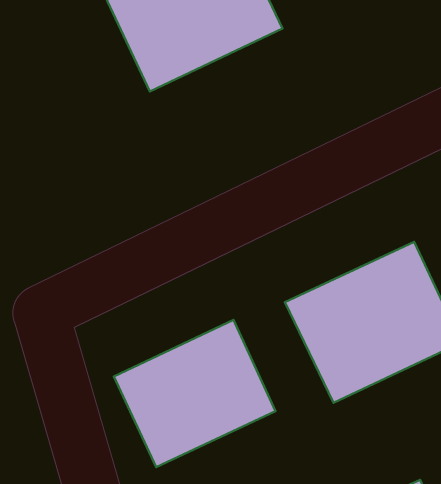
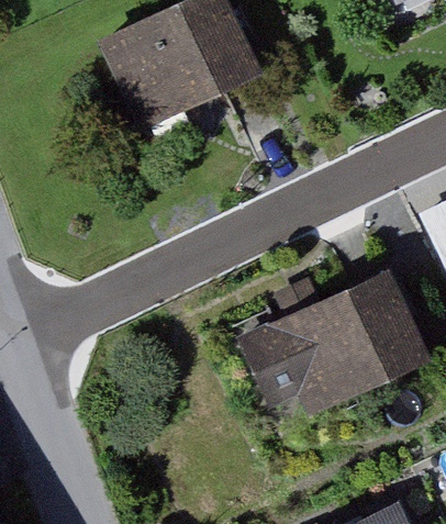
building: [114,320,275,467] -> none

